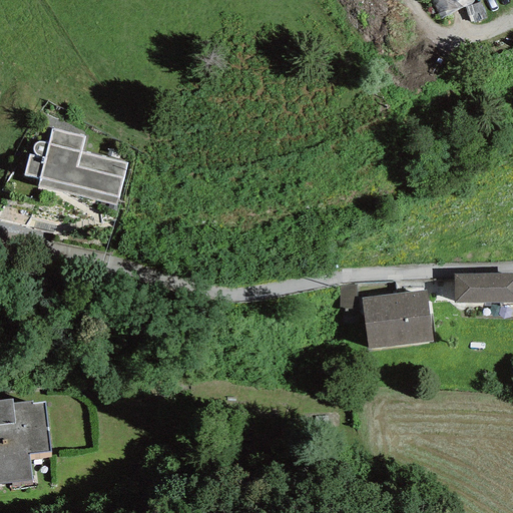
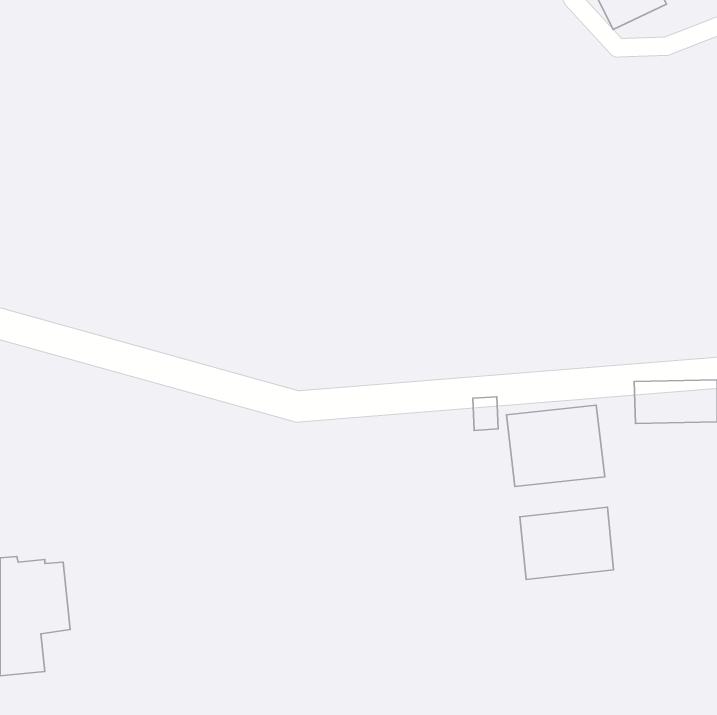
building: [23,127,126,205] -> none
building: none -> [520,507,614,579]

